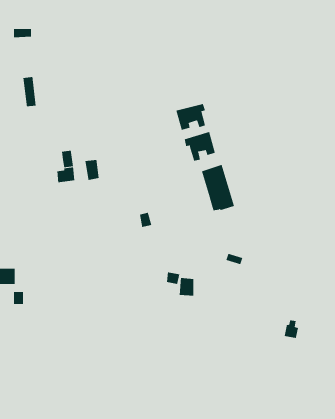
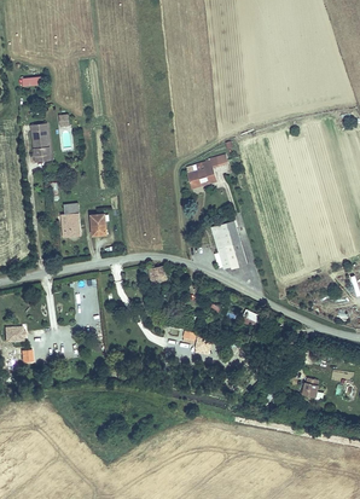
building: [184,131,216,161] -> none

